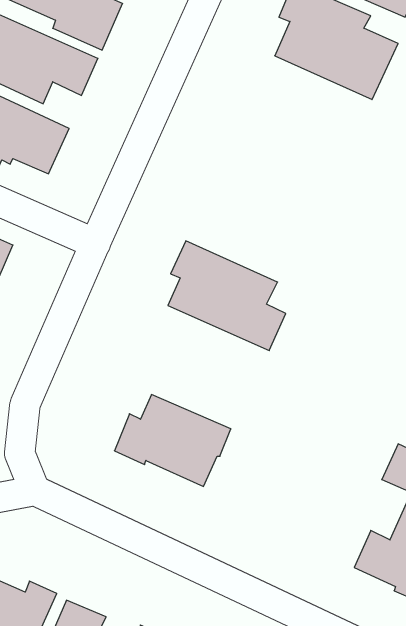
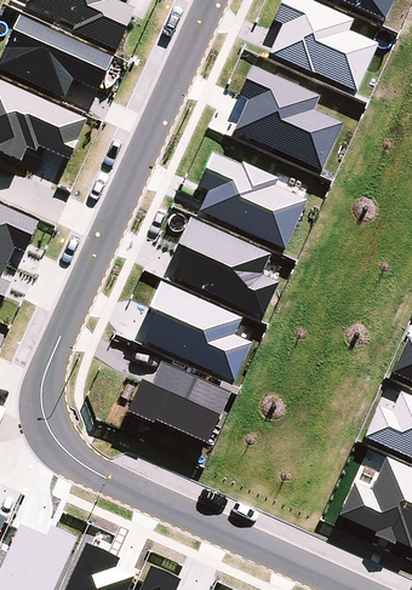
building: none -> [233,67,342,172]
building: none -> [196,154,305,251]
building: none -> [142,275,251,376]

